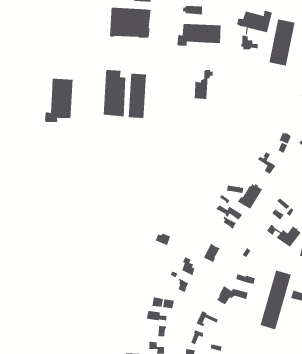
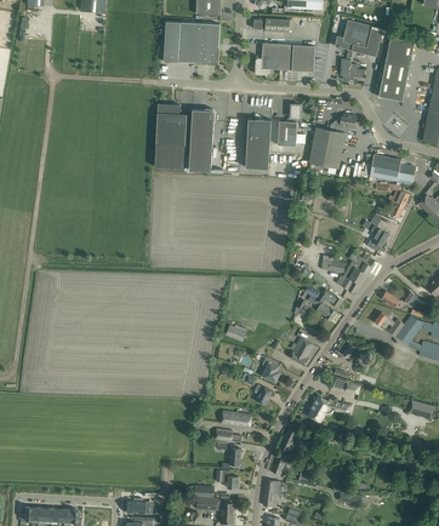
building: none -> [309,114,357,167]
building: [44,78,73,123] -> none
building: none -> [246,119,272,168]
building: none -> [369,154,416,183]
building: [260,269,292,330] -> none

